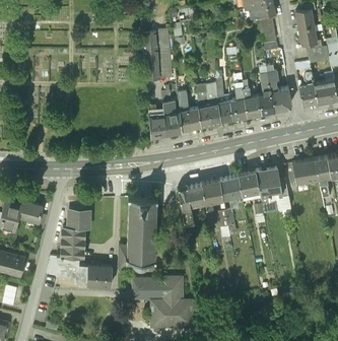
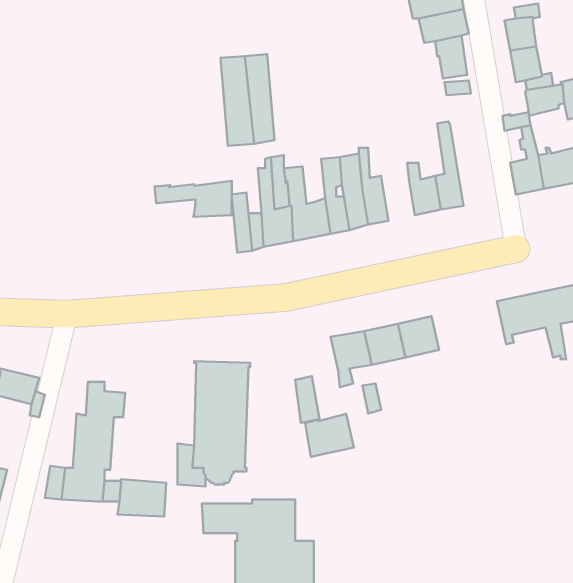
building: [266,68,290,113] -> none
building: [229,84,247,121] -> none
building: none -> [154,181,232,217]
building: [256,168,281,212] -> none
building: [179,184,205,207] -> [305,414,354,457]

